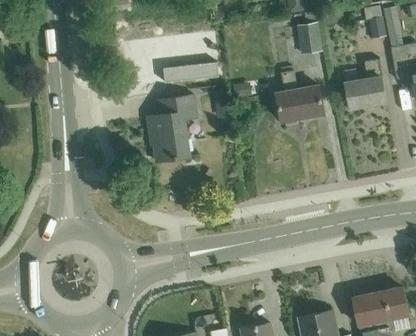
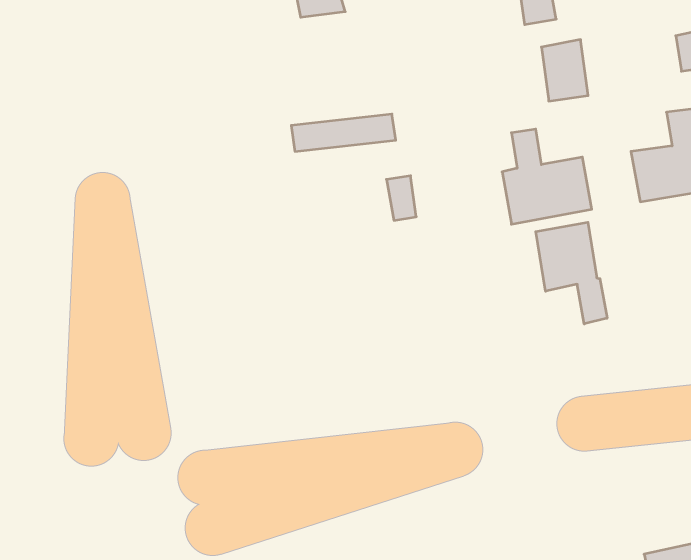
building: [147,95,197,162] -> none
building: none -> [536,222,607,324]

